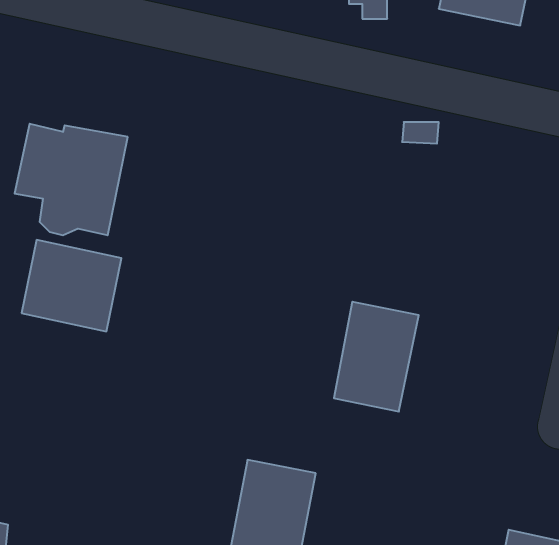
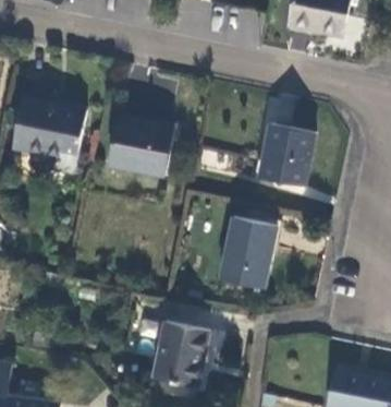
building: none -> [259,124,315,187]
building: [22,240,121,331] -> [109,116,174,176]

